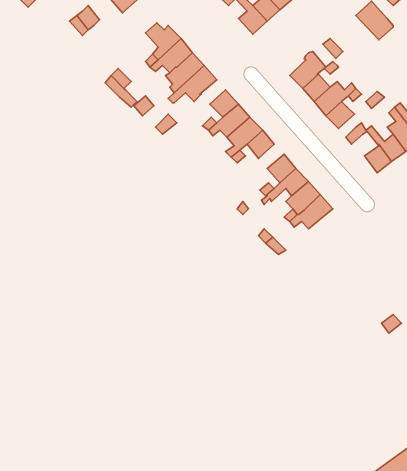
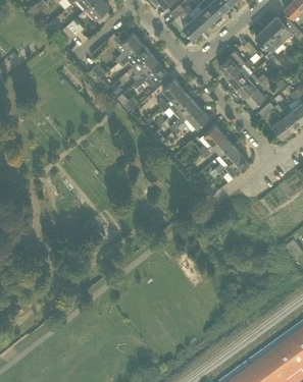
building: none -> [254,24,282,67]

